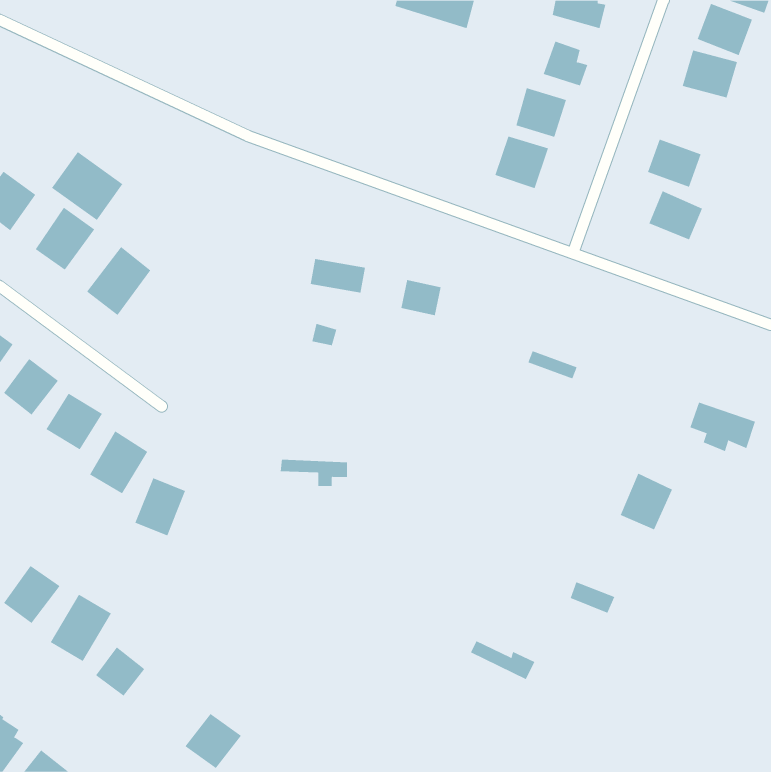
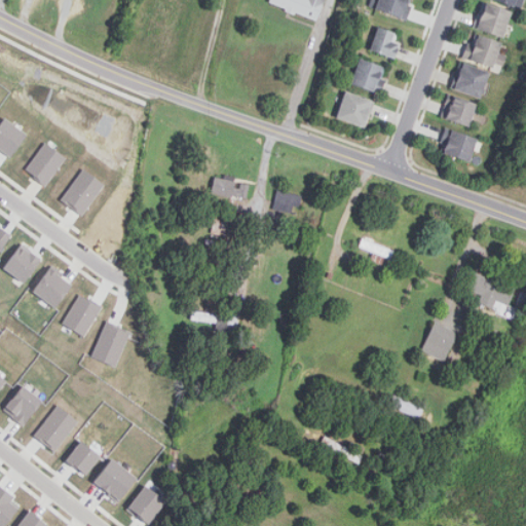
building: none -> [454,64,489,99]
building: [51,151,123,221] -> none
building: none -> [92,457,136,500]

